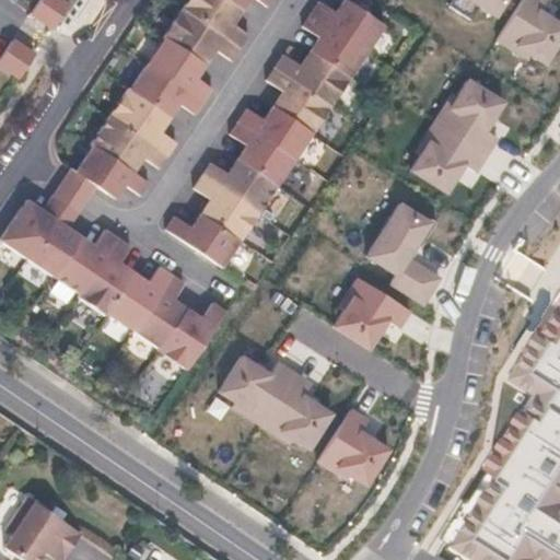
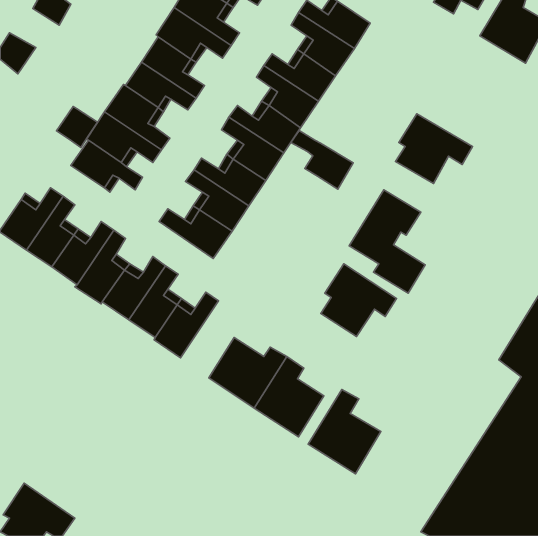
building: [433,77,508,152] -> none
building: none -> [291,131,353,189]
building: [54,170,96,212] -> [56,107,98,148]

